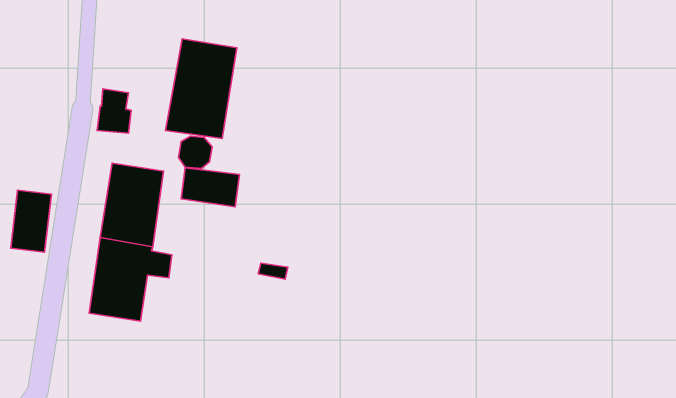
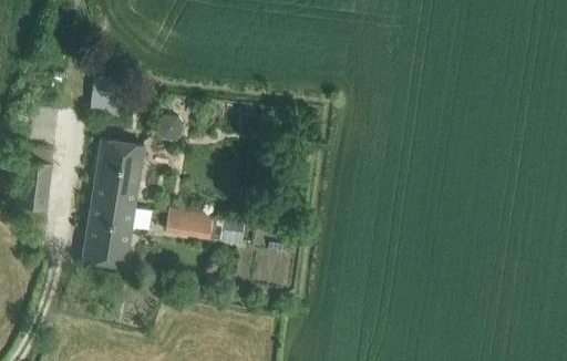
building: [166,39,237,139] -> none
building: [181,168,239,207] -> [165,207,213,239]

